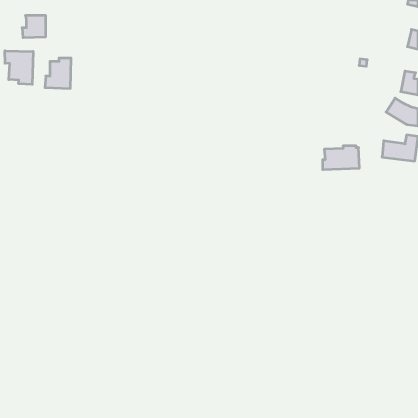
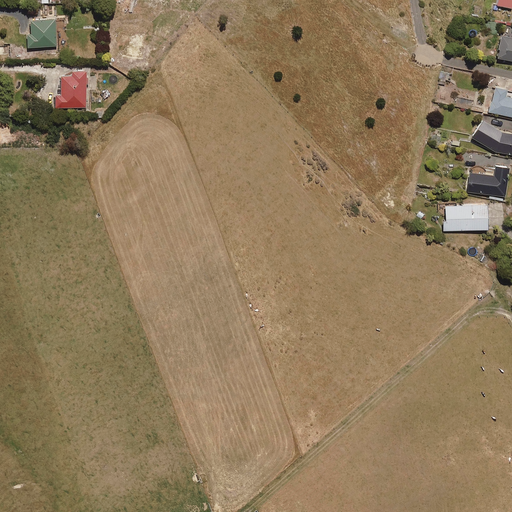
building: [5,51,33,84] -> none
building: [323,146,359,170] -> [444,202,489,231]

